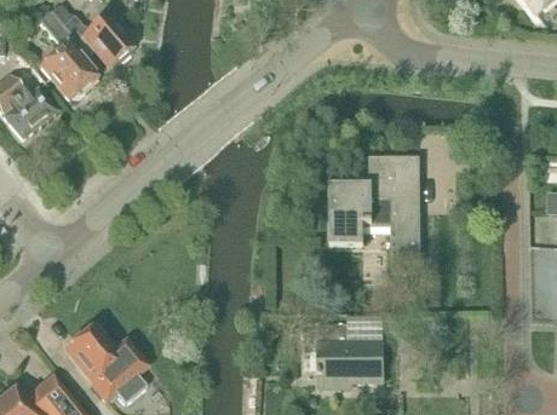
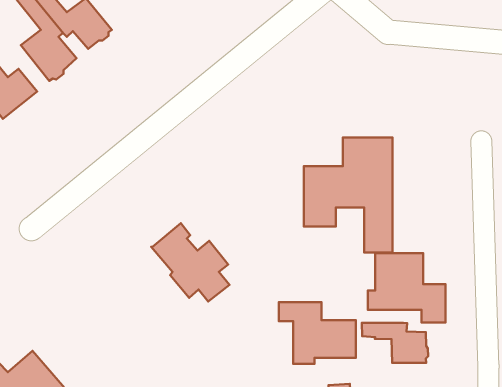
building: none -> [368,253,445,323]
building: [67,322,147,402] -> [151,223,229,301]
building: none -> [362,323,428,363]

